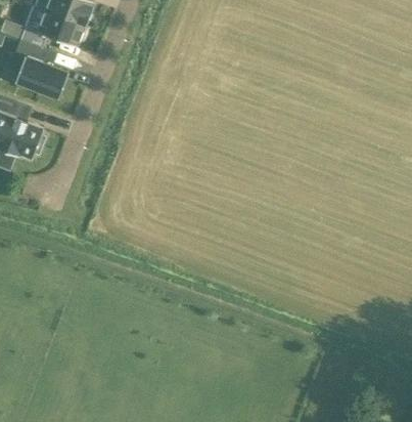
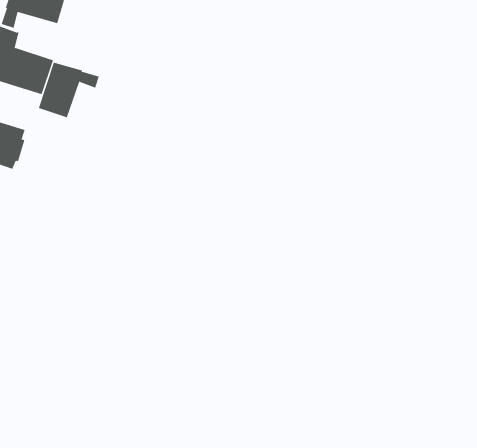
building: none -> [38,62,99,118]

